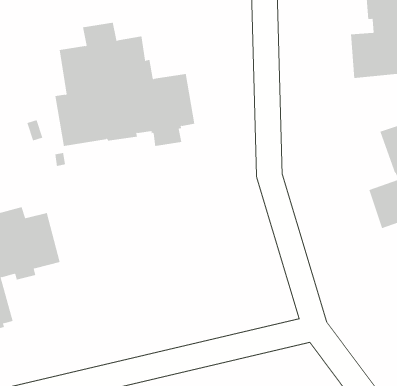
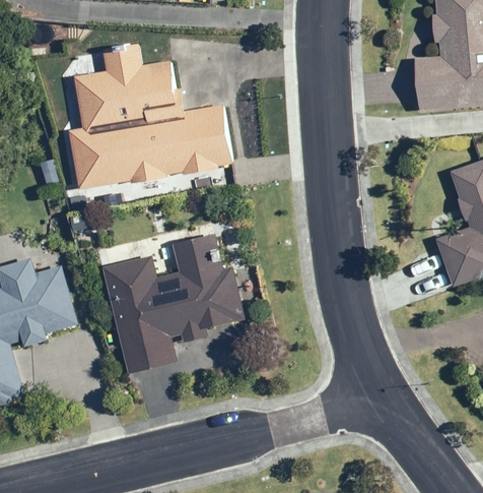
building: none -> [104,234,243,372]

